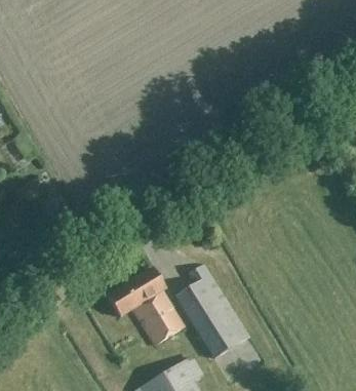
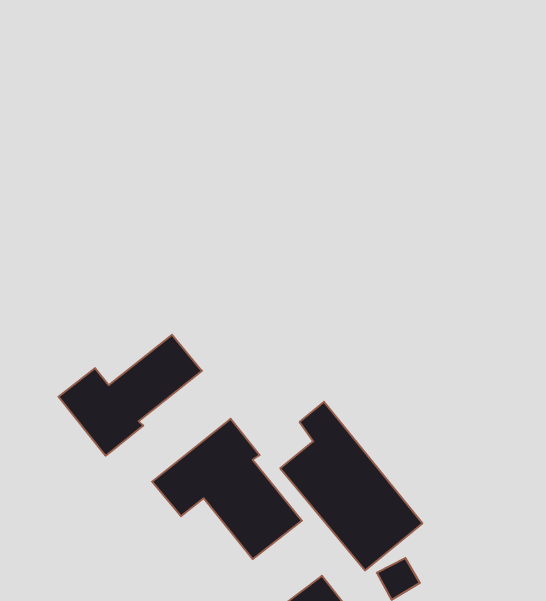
building: none -> [58,335,202,456]

